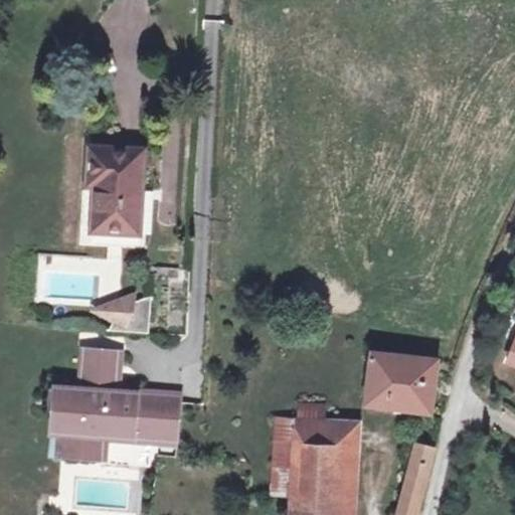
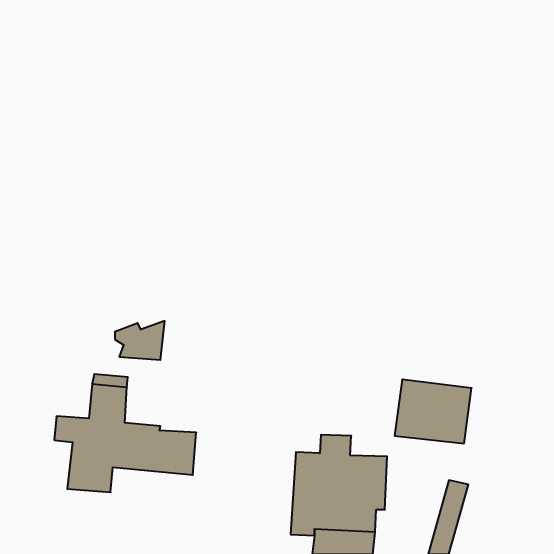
building: [87,148,144,236] -> none

